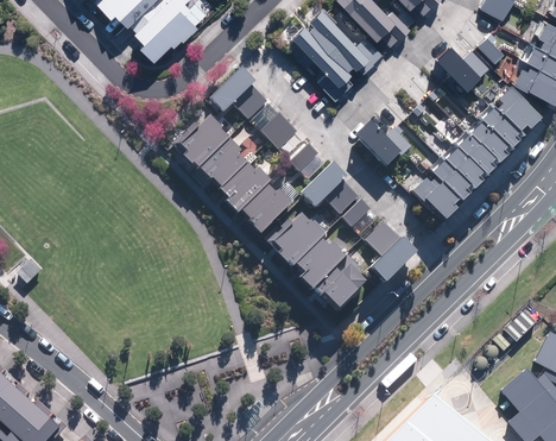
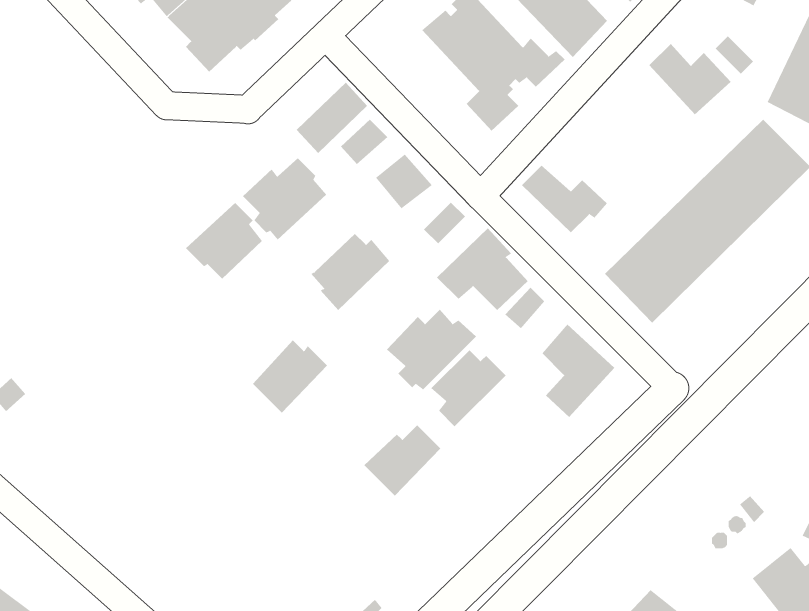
building: [197,140,247,190] -> [185,202,263,280]
building: [241,187,290,234] -> [252,340,328,413]
building: [315,264,365,310] -> [364,424,441,496]

